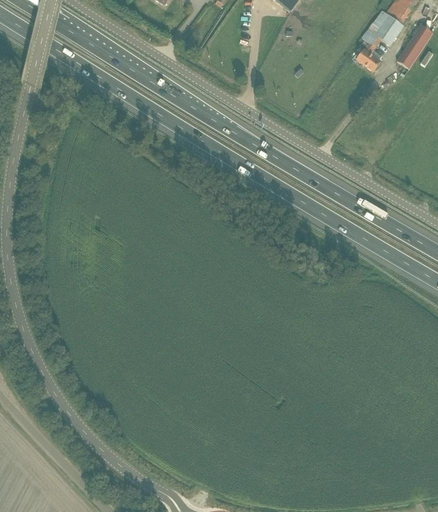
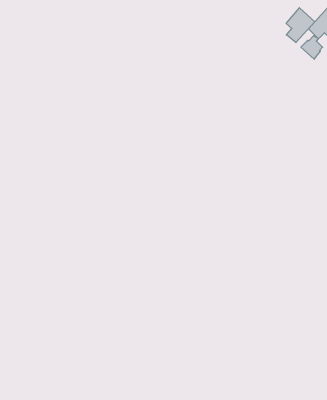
building: none -> [286,8,315,43]

